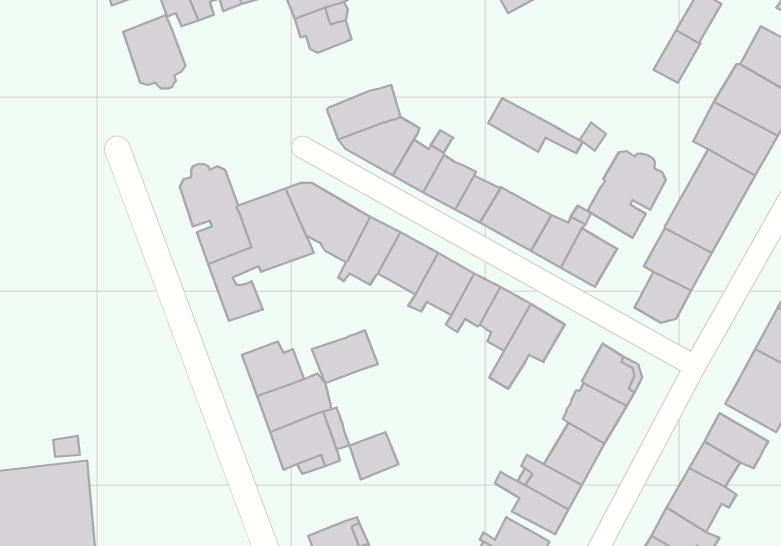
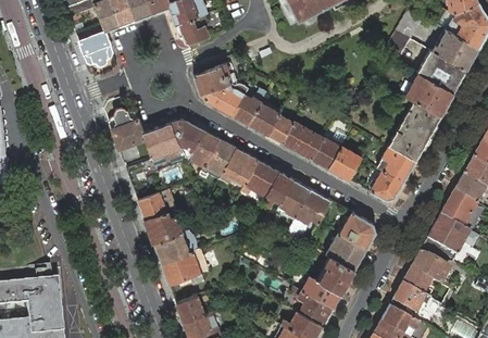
building: [488,98,583,153] -> none
building: [587,151,666,238] -> none
building: [312,330,378,383] -> [137,188,175,218]
building: [350,432,399,479] -> [176,296,204,323]

